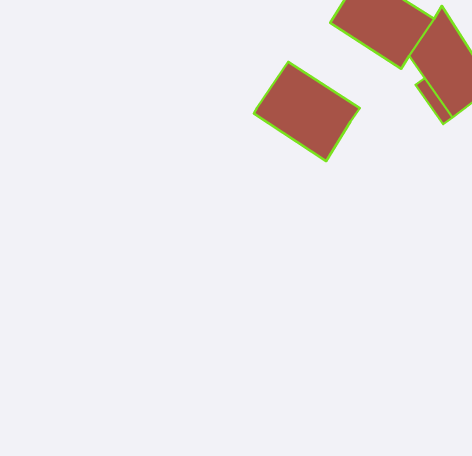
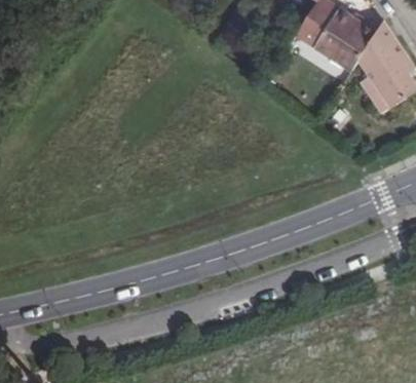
building: [254,62,360,161] -> none

